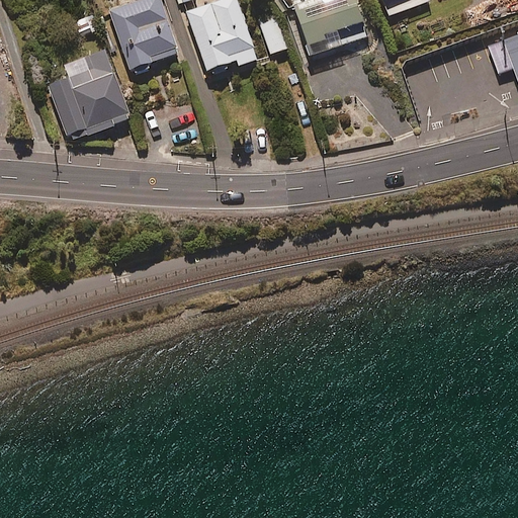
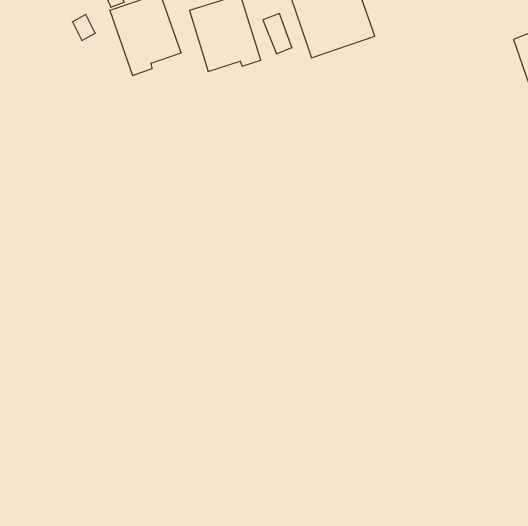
building: [47,48,131,142] -> none

